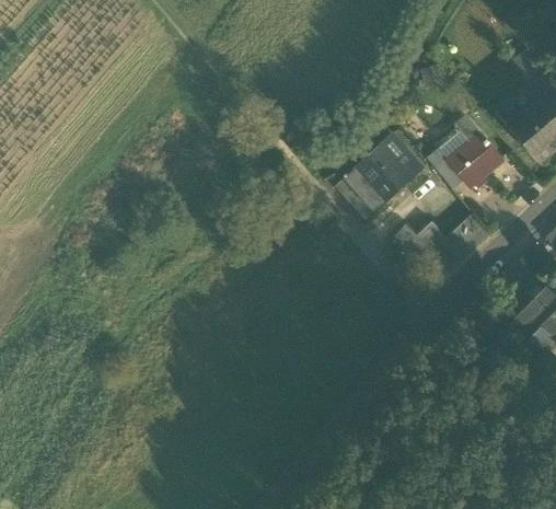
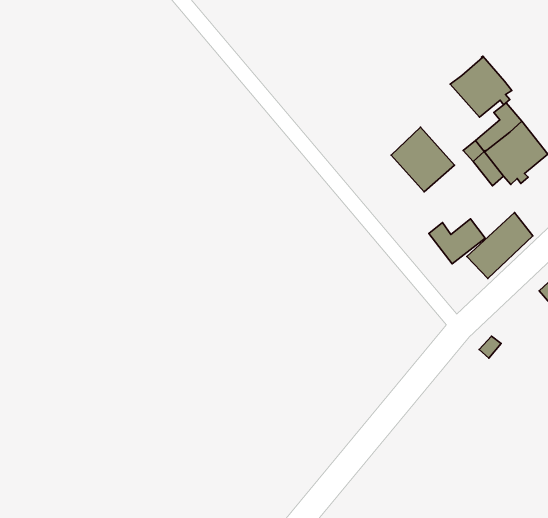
building: none -> [450,56,512,117]
building: [337,161,393,217] -> none

